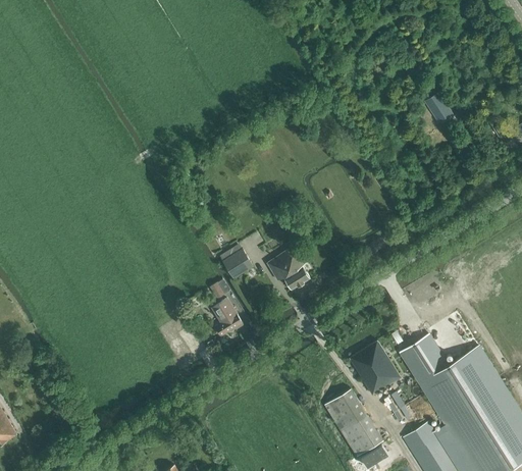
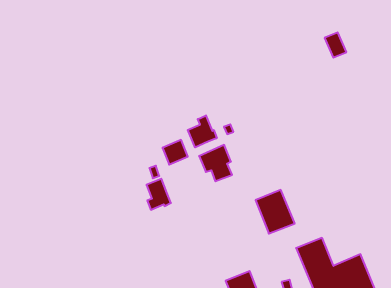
building: [424,92,453,122] -> [325,32,346,58]
building: none -> [188,115,217,147]
building: [350,341,401,395] -> [256,190,295,234]

